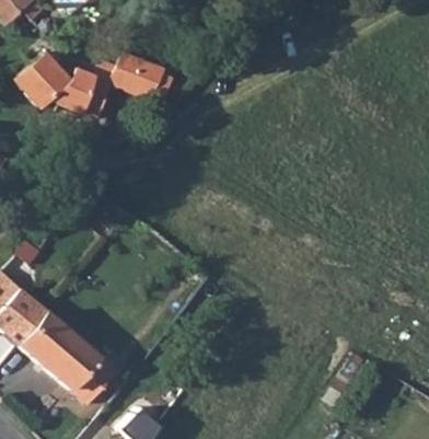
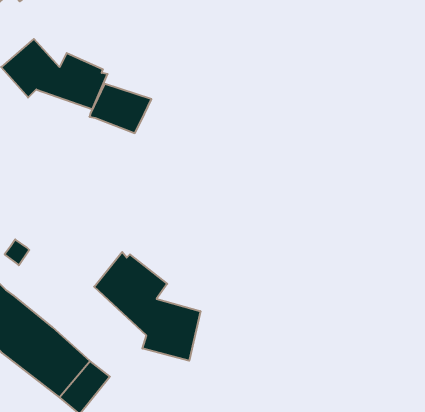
building: [106,53,164,99] -> [89,84,151,133]
building: none -> [94,252,200,361]

